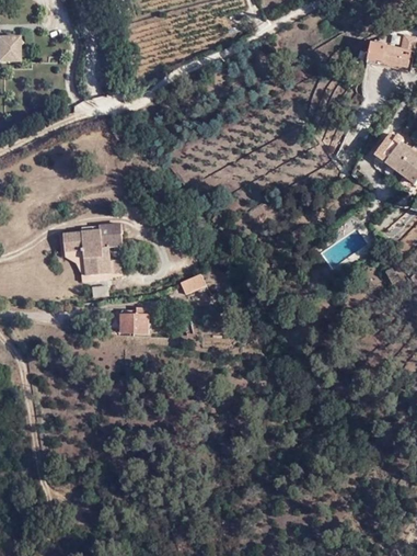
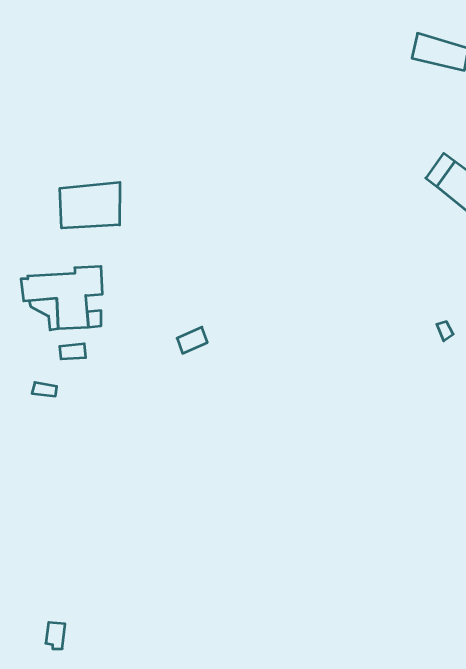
building: none -> [60,182,120,228]
building: [120,307,152,336] -> none

